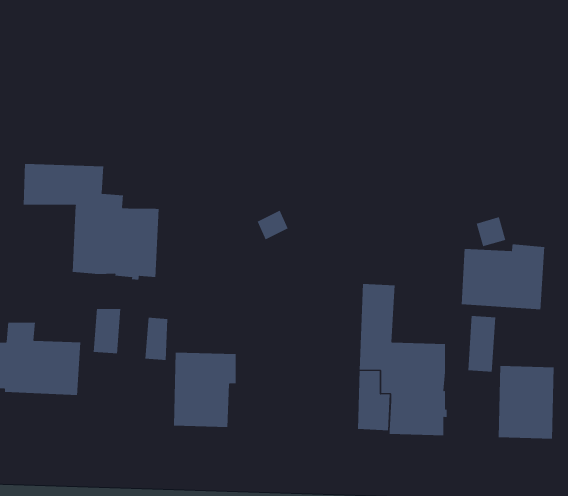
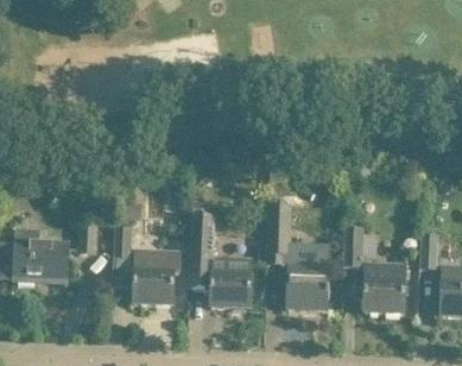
building: [23,163,159,281] -> none
building: [461,244,545,310] -> none
building: none -> [190,215,253,309]

